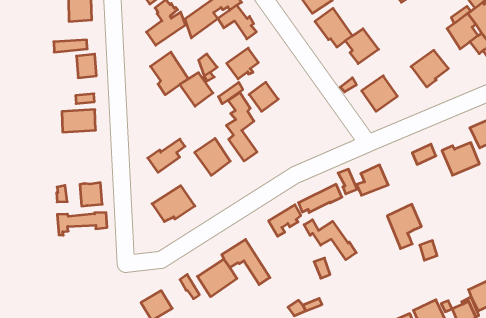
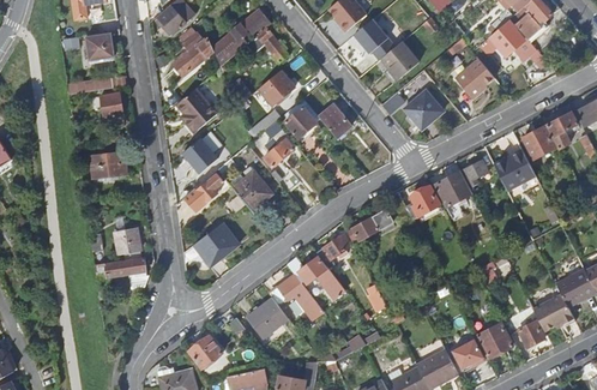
building: [180,73,213,106] -> [181,137,217,173]
building: none -> [318,103,350,138]
building: [387,204,421,249] -> [434,169,471,217]
building: [304,220,356,260] -> [287,258,344,298]

